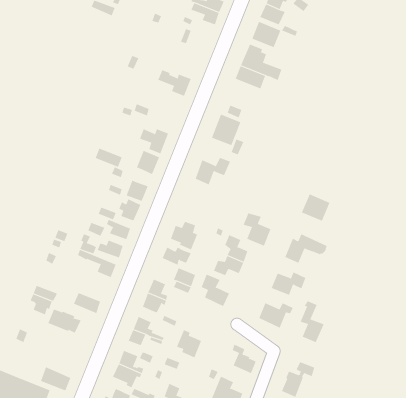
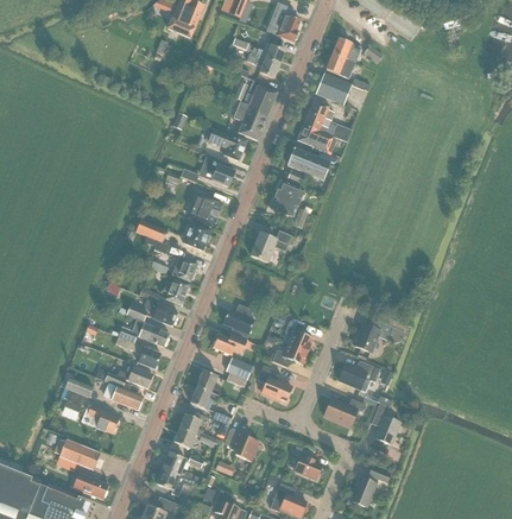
building: none -> [233,83,277,139]
building: none -> [286,147,337,179]
building: none -> [201,157,234,185]
building: [301,194,330,222] -> none
building: [243,213,271,246] -> none
building: none -> [105,366,152,387]
building: none -> [55,438,100,470]

